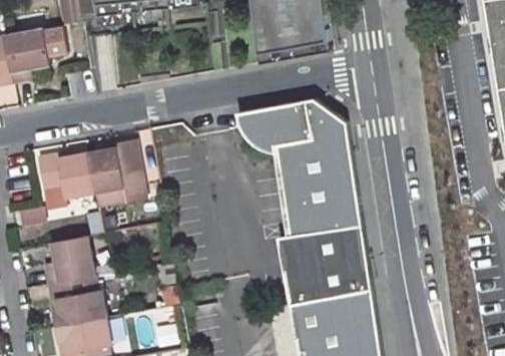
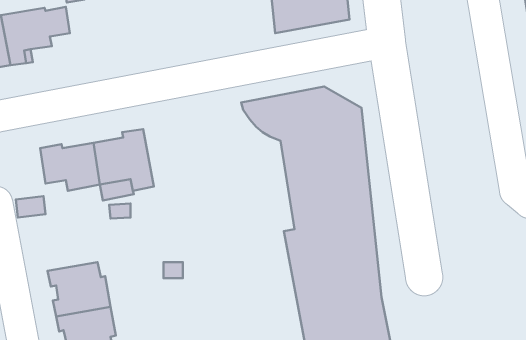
building: [46,229,95,277] -> none

